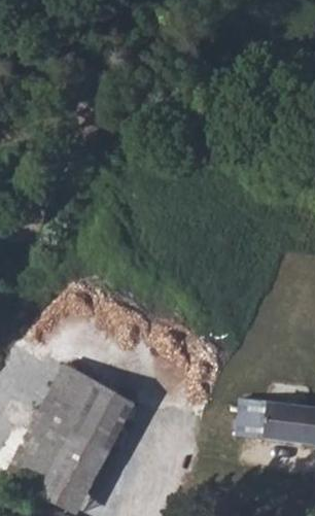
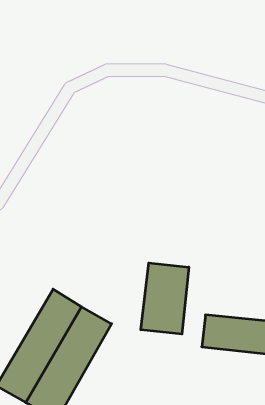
building: none -> [141,263,189,334]

